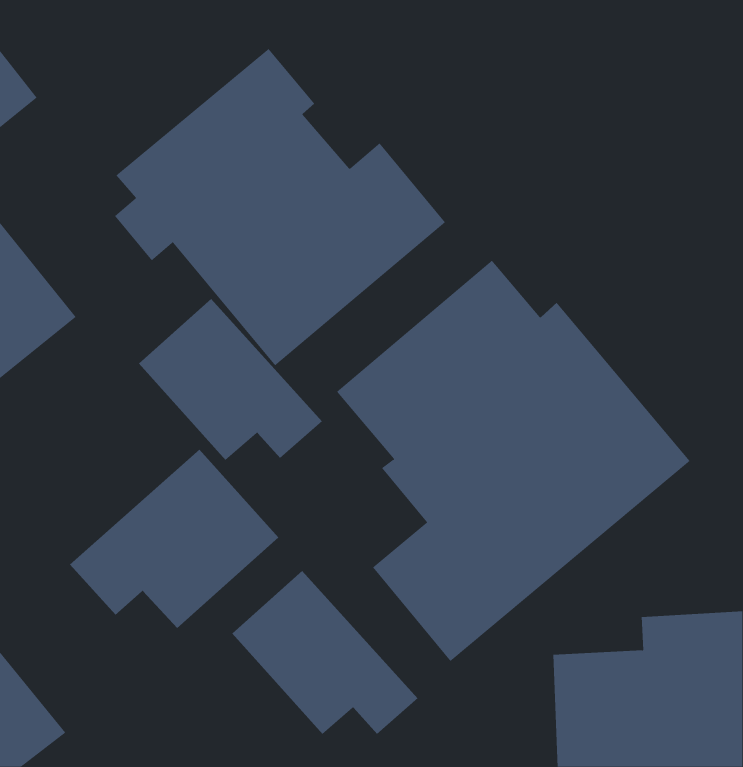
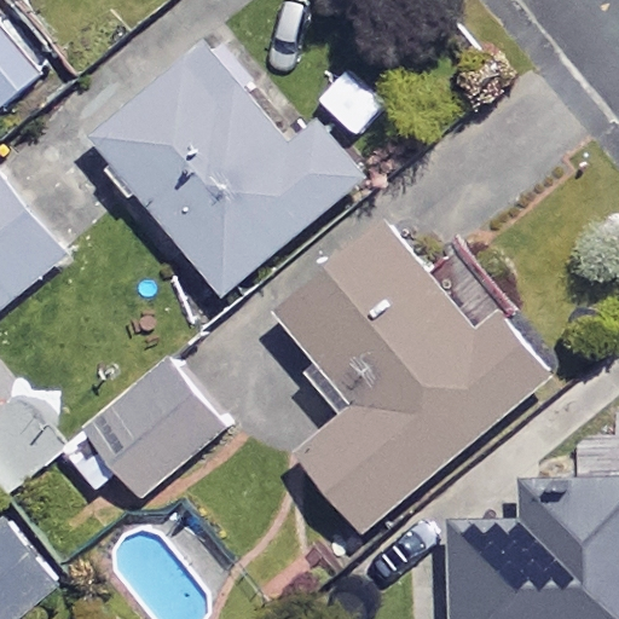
building: [138,298,323,461] -> none
building: [232,570,418,735] -> none

